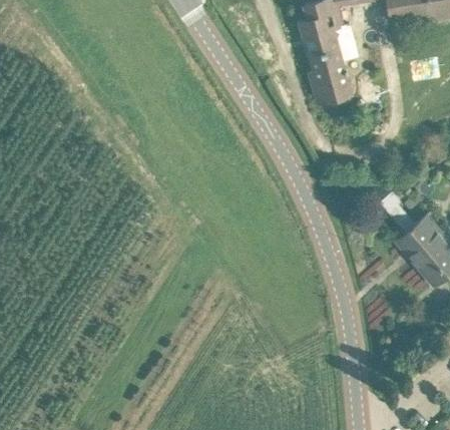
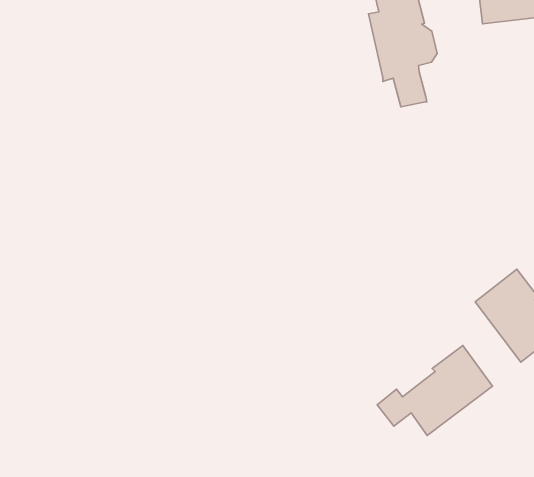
building: none -> [377,345,492,435]

